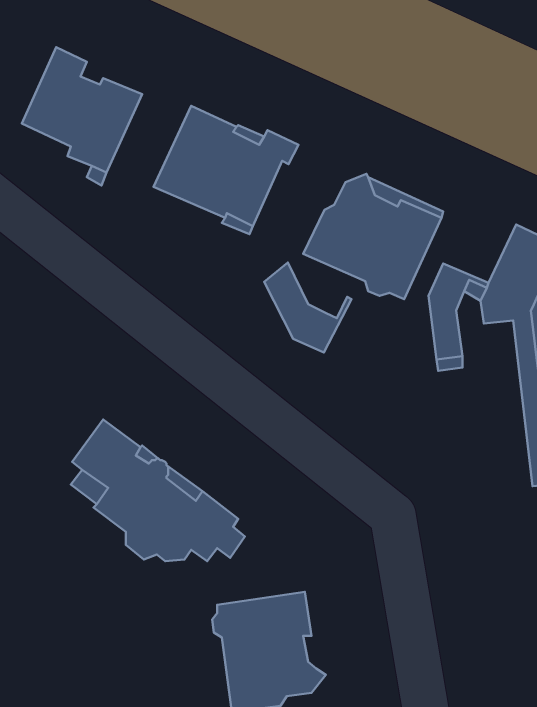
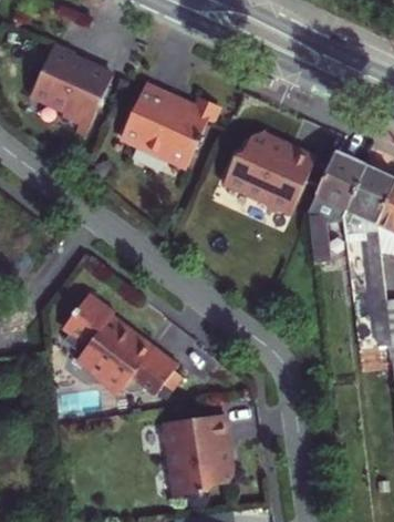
building: none -> [318,150,367,204]
building: [264,263,351,353] -> none

